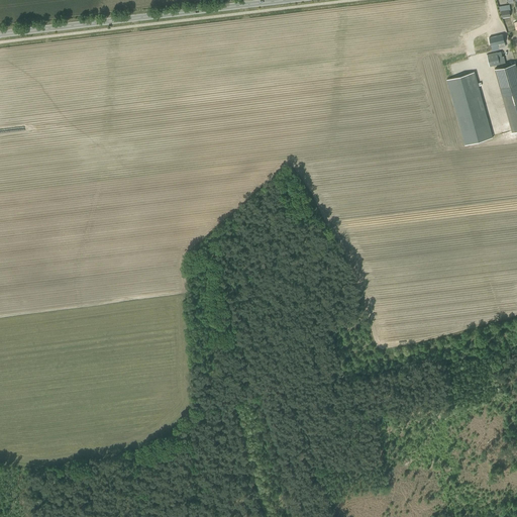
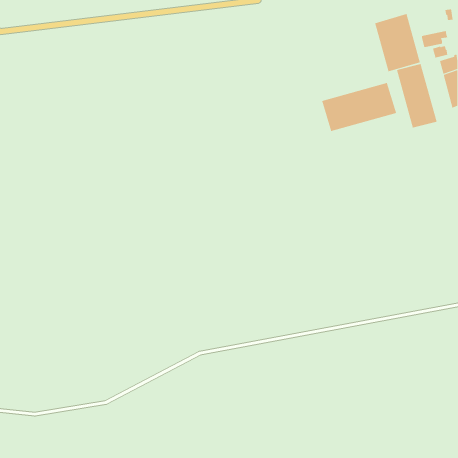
building: none -> [375,13,421,72]
building: none -> [321,82,397,132]

